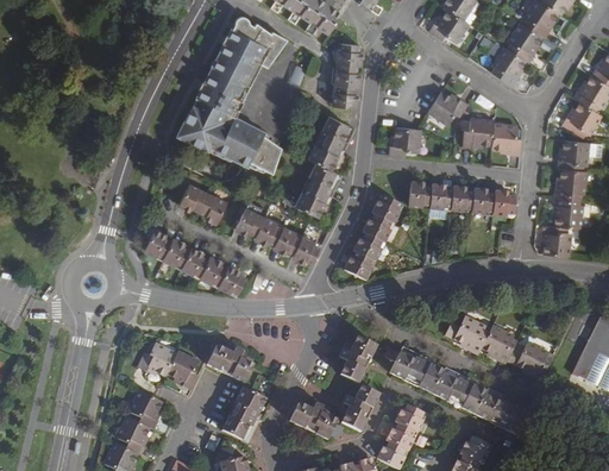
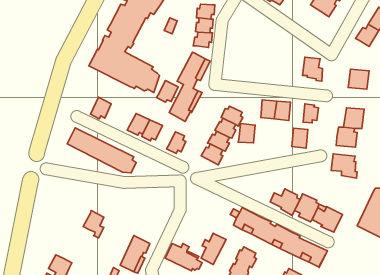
building: [490,44,527,87] -> none
building: [426,87,469,126] -> none
building: [559,96,595,133] -> none
building: [462,115,495,149] -> none
building: [388,125,422,156] -> none
building: [557,167,586,199] -> none
building: [407,182,432,211] -> [238,124,255,143]
building: [471,188,495,218] -> [292,128,308,148]
building: [199,190,228,225] -> none
building: [271,222,303,255] -> [157,80,178,102]
building: none -> [331,154,357,178]
building: [339,334,376,382] -> none
building: [136,341,177,376] -> none
building: [206,345,252,382] -> none
building: [128,389,162,427] -> none

